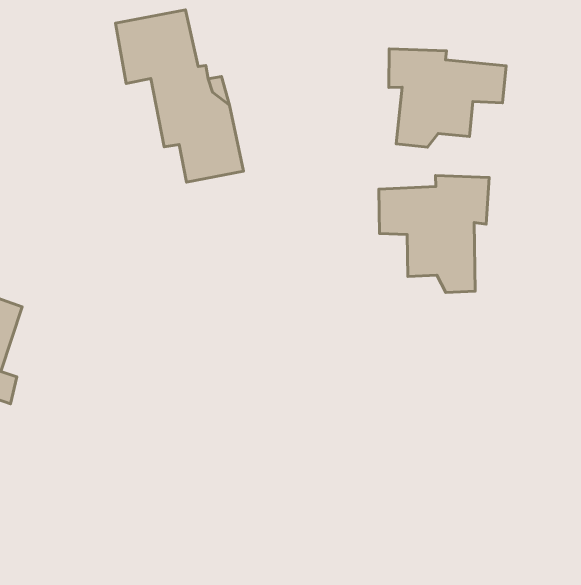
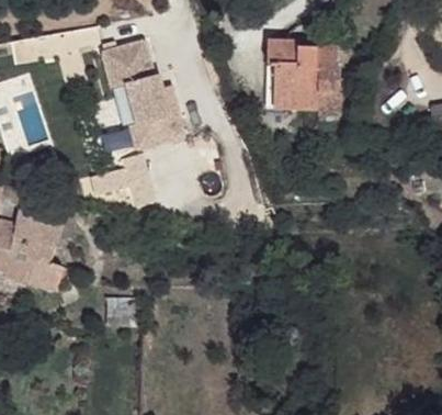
building: [379,176,489,293] -> none

